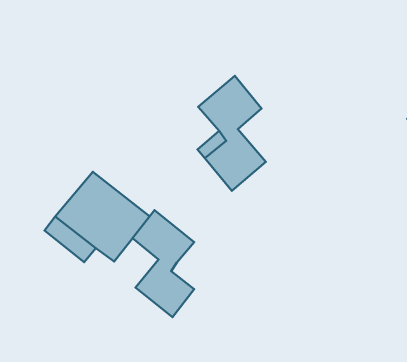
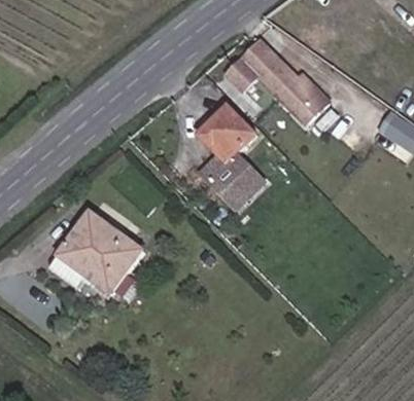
building: none -> [219,46,332,129]
building: [133,210,194,317] -> none

